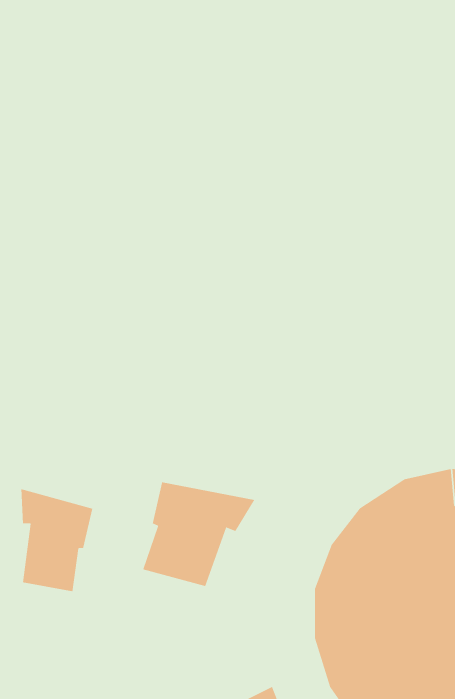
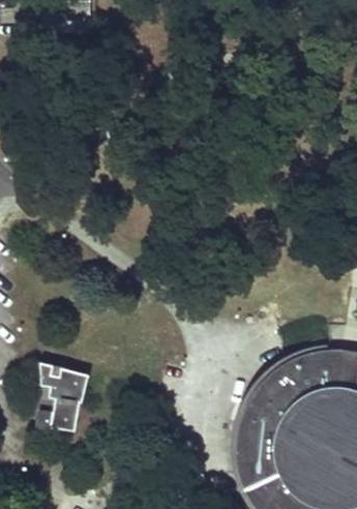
building: [143,481,255,587] -> none

